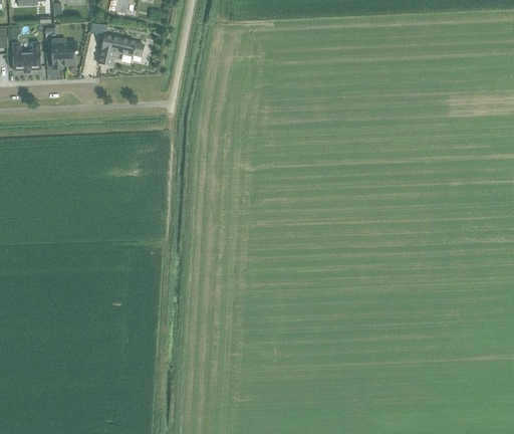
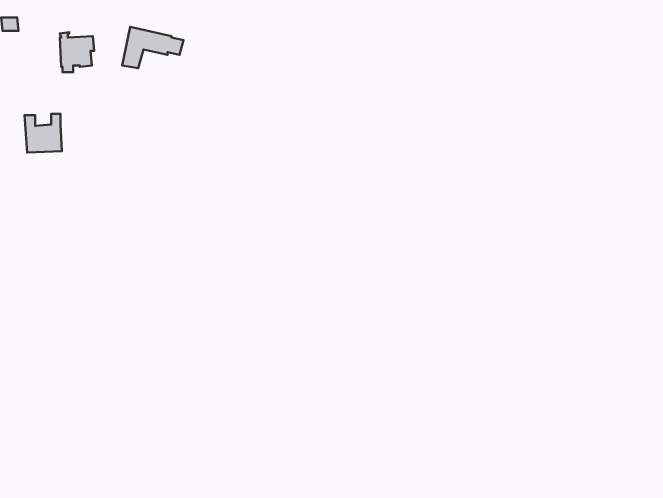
building: [12,41,40,70] -> [24,114,62,152]

